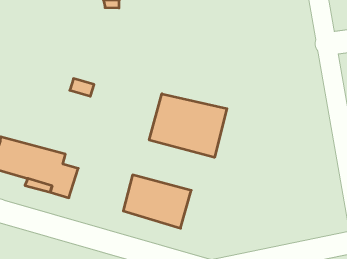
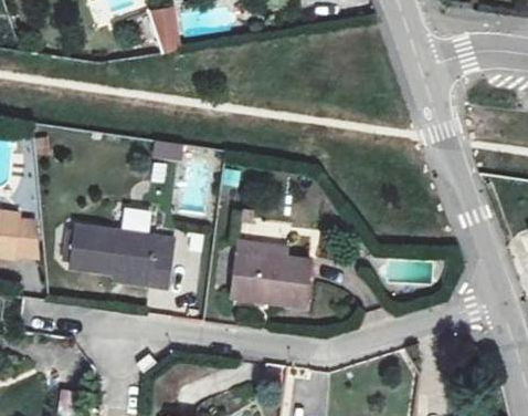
building: [149,94,227,157] -> none

